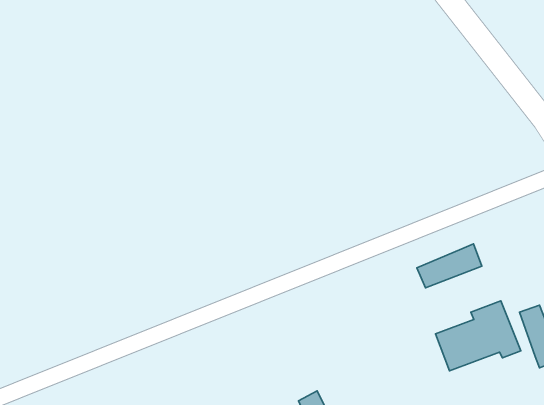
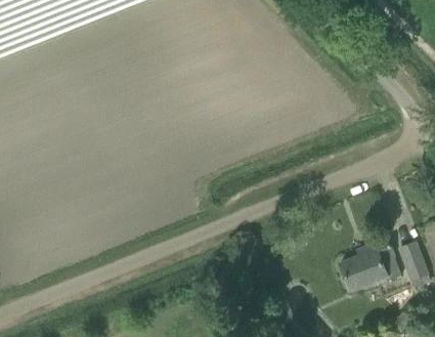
building: [417,244,482,288] -> none

